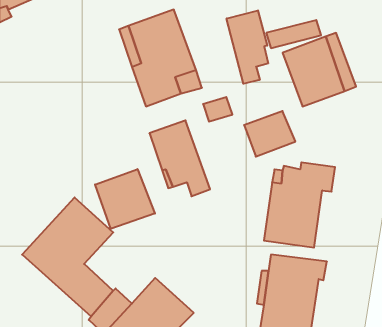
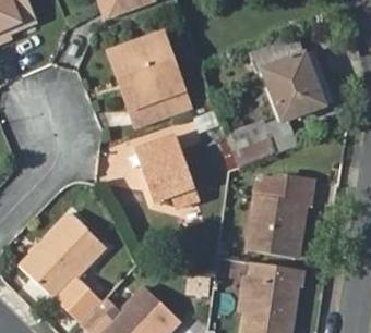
building: [227,10,268,84] -> none
building: [95,169,155,229] -> none

